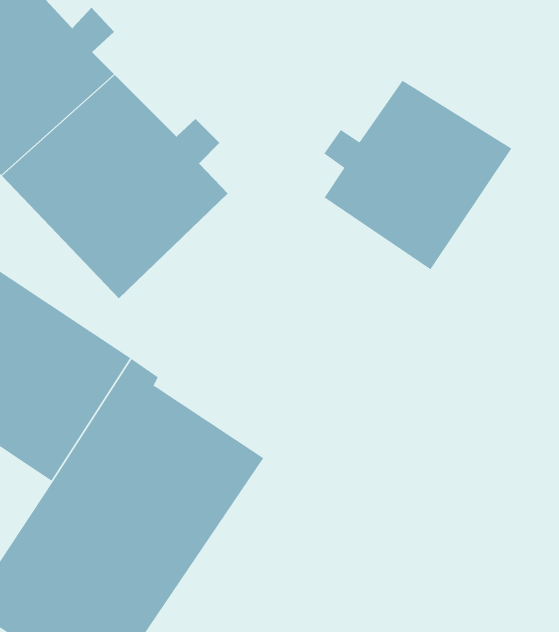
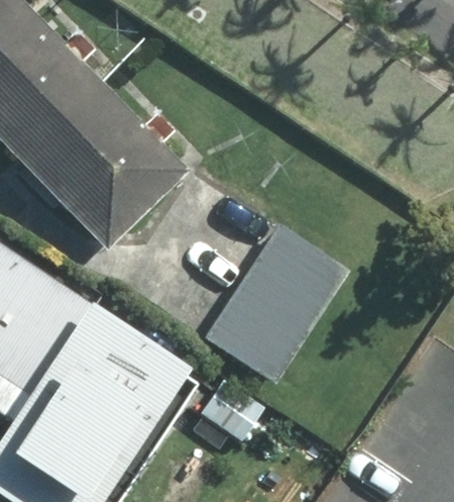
building: [323,80,512,270] -> none
building: none -> [203,228,344,383]

